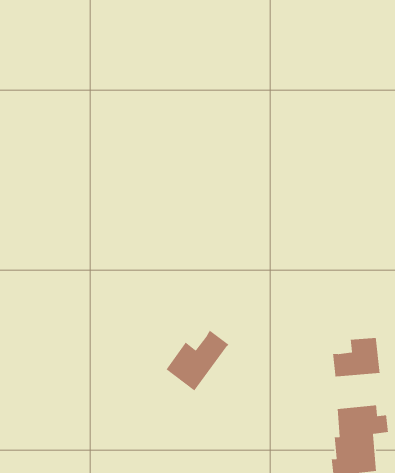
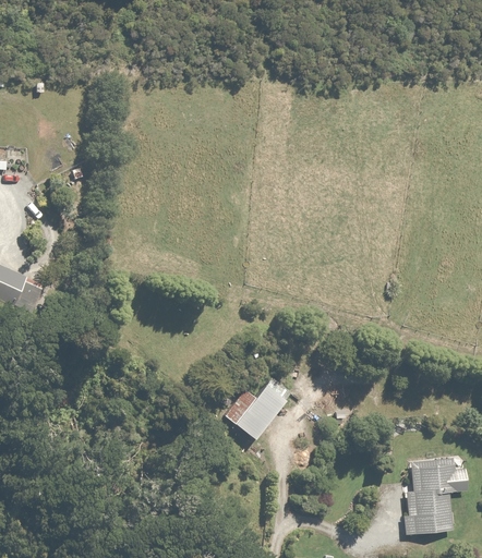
building: [332,337,381,378] -> none

